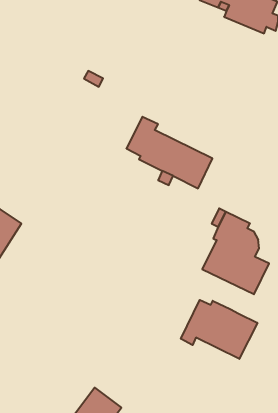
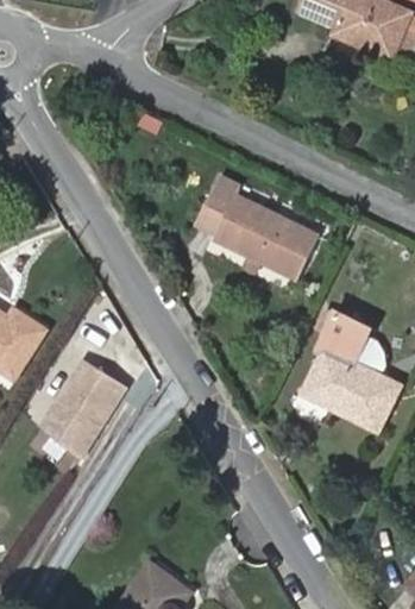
building: none -> [39,359,126,460]
building: [181,300,257,359] -> none

